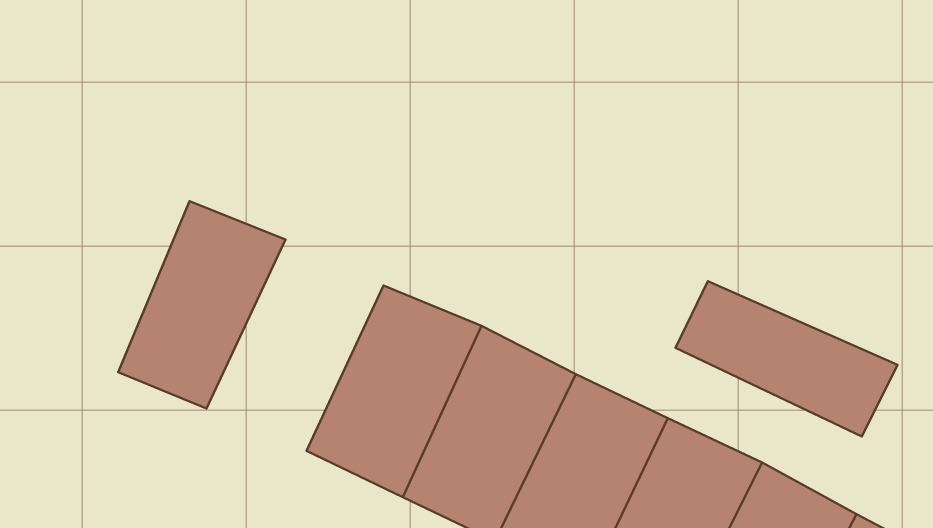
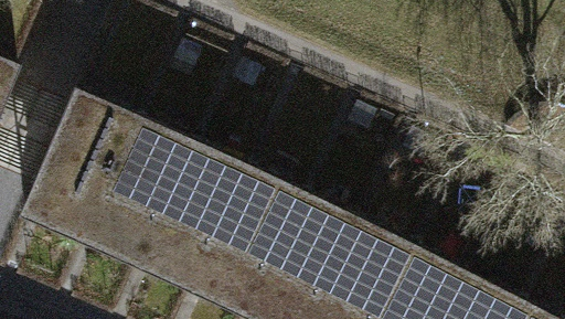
building: none -> [30,99,128,222]
building: none -> [138,146,239,267]
building: [676,281,898,437] -> none

